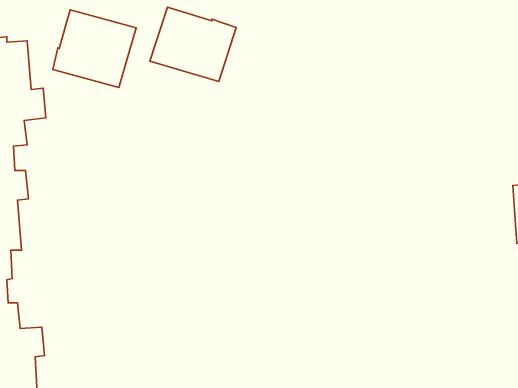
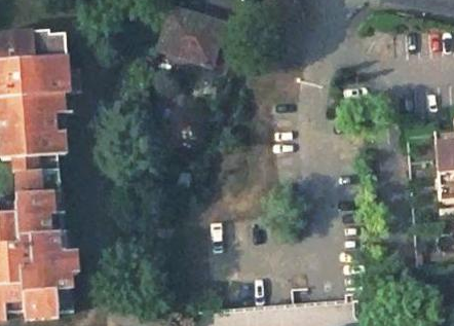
building: [53,10,136,87] -> none

